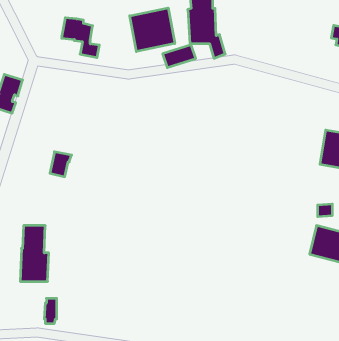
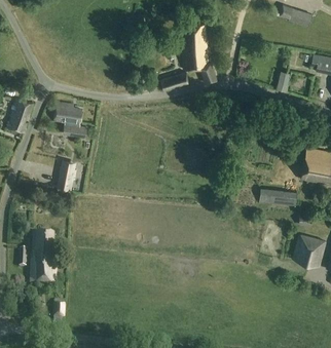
building: [130,8,175,52] -> none
building: [62,18,99,58] -> [53,103,87,139]
building: none -> [259,191,295,210]

